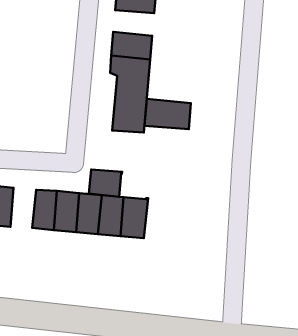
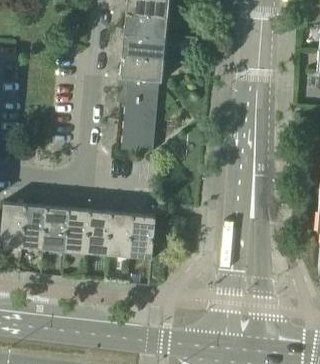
building: none -> [122,33,162,58]
building: [145,99,191,129] -> none
building: [89,170,122,197] -> none
building: none -> [22,206,47,245]

